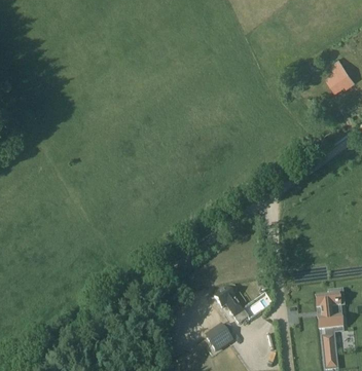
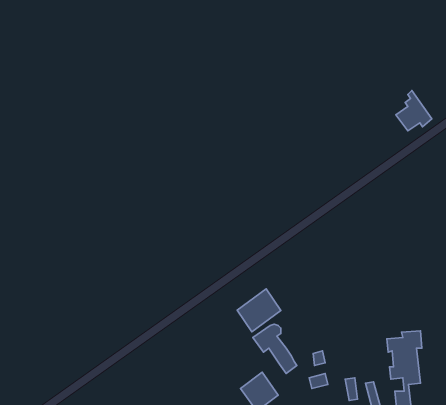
building: [325,59,353,89] -> [396,91,432,131]
building: none -> [237,289,281,332]

